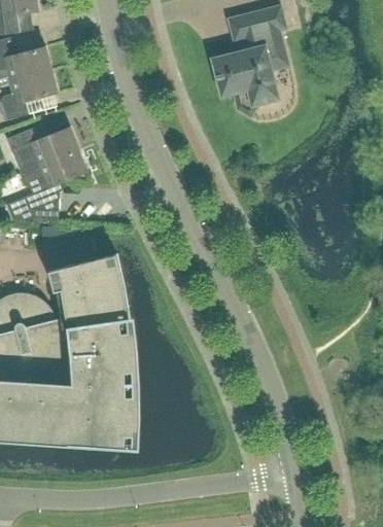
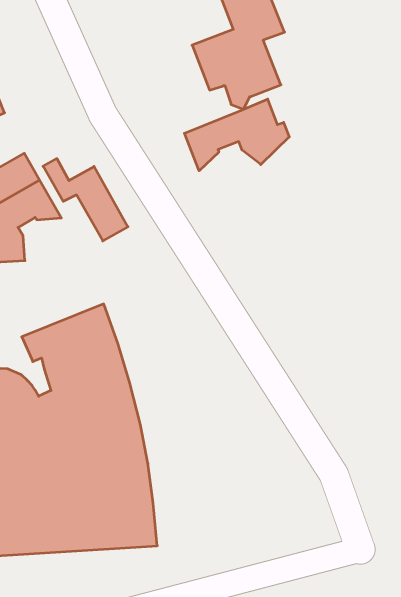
building: none -> [184,99,289,171]
building: none -> [43,159,128,241]

